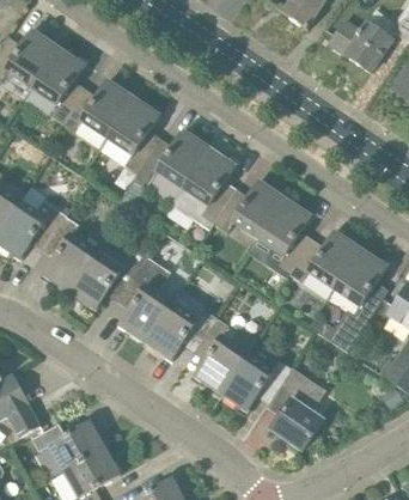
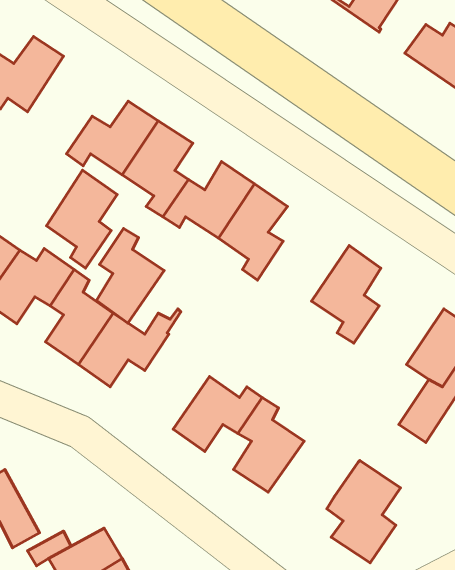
building: [30,45,86,123] -> [46,170,117,268]
building: [213,179,286,240] -> none
building: [289,230,361,291] -> none
building: [121,267,175,342] -> [96,228,164,323]
building: [221,352,293,409] -> none

